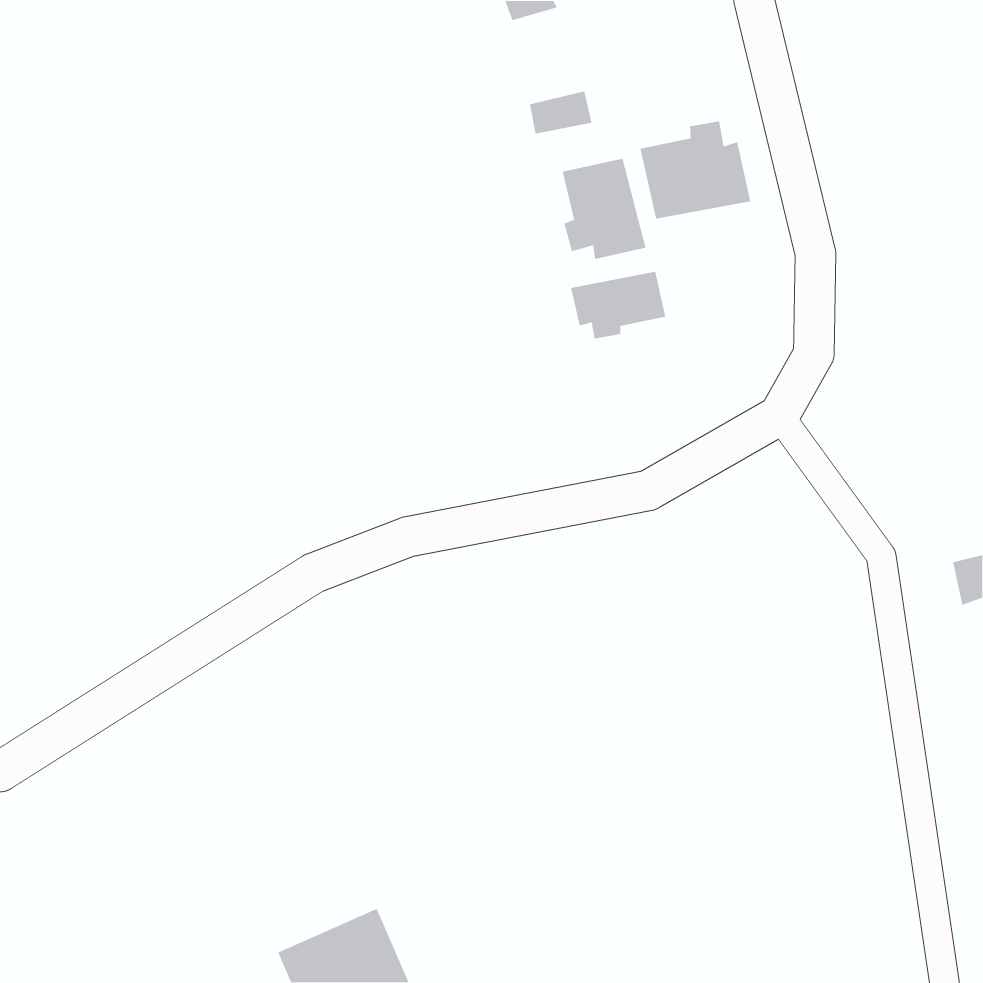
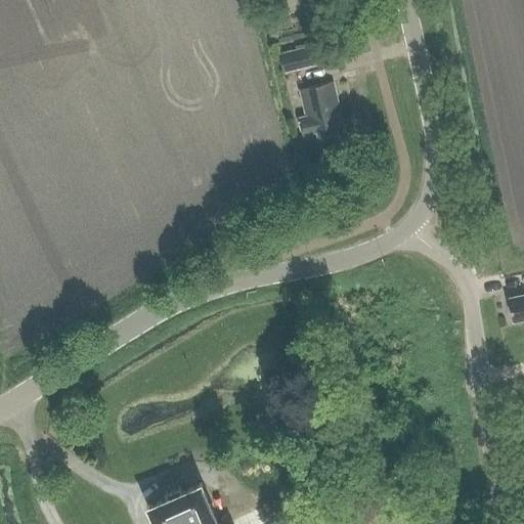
building: [639,120,751,219] -> none
building: [570,271,666,339] -> none

